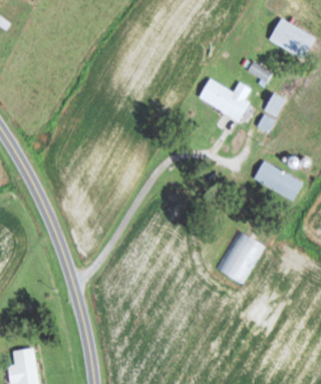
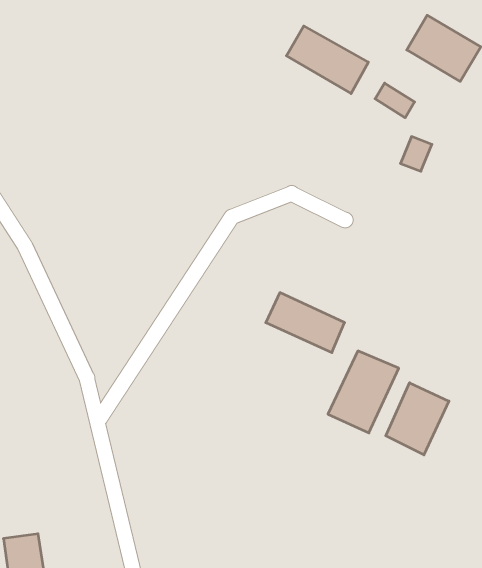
building: [198,78,250,121] -> [286,26,368,94]
building: [253,161,303,200] -> [266,293,345,353]
building: none -> [386,383,449,455]

